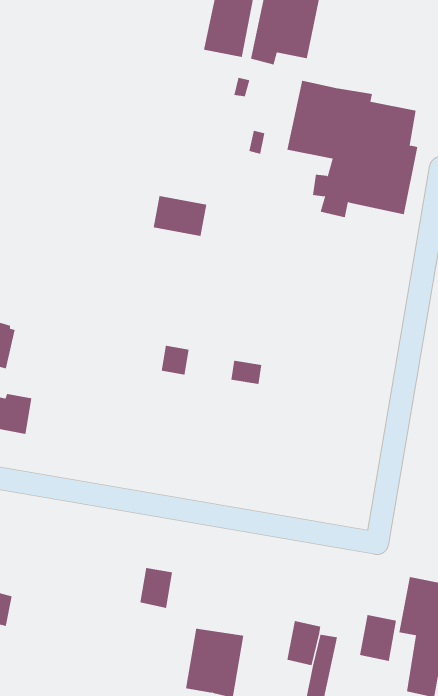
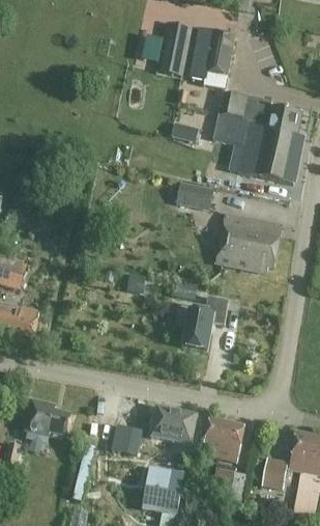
building: [153,196,207,236] -> [176,182,213,210]
building: none -> [215,214,280,272]
building: none -> [182,296,228,351]
building: none -> [24,398,71,436]
building: none -> [150,406,197,445]
building: none -> [203,416,244,462]

